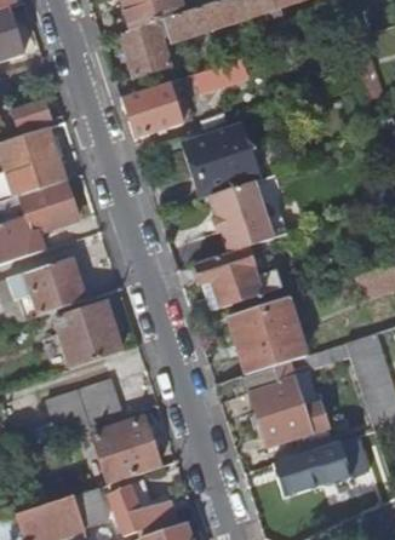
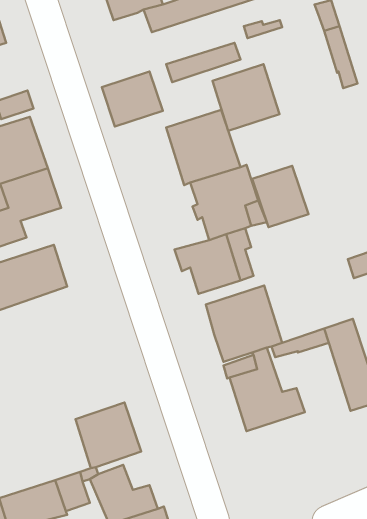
building: [119,22,171,76] -> none
building: none -> [212,64,280,131]
building: none -> [252,166,308,227]
building: [55,301,121,368] -> none
building: [46,378,122,436] -> none
building: [275,432,372,490] -> none

